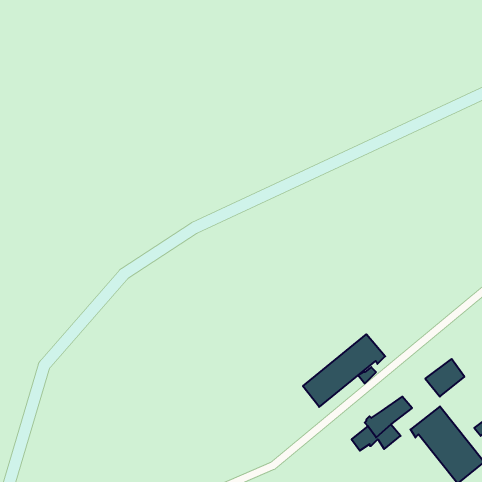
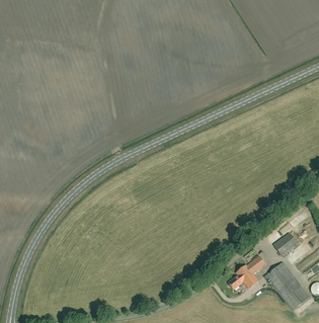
building: [303,334,385,407] -> none

